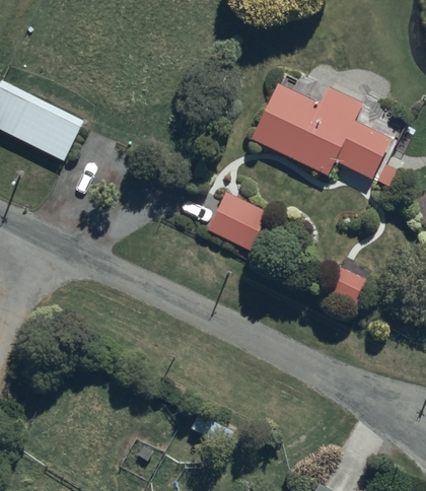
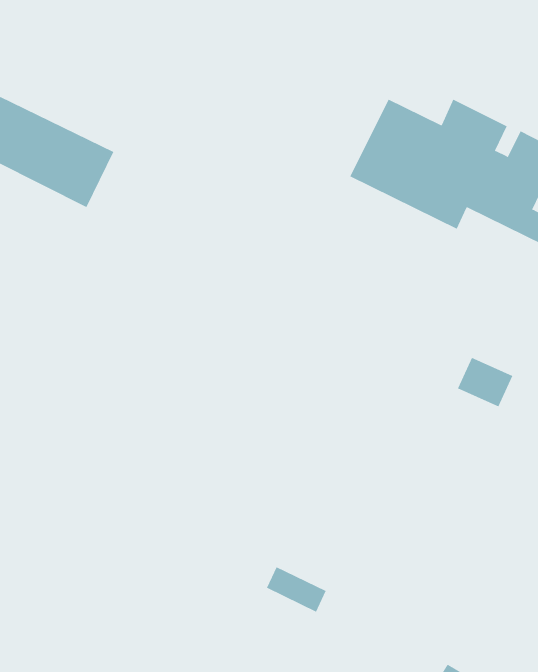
building: [208,193,268,250] -> none

